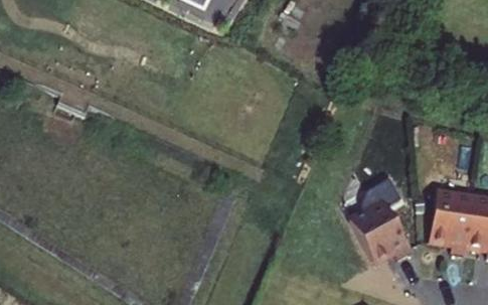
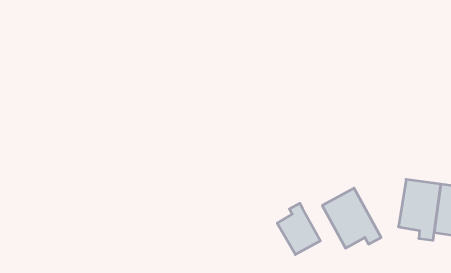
building: none -> [277,203,320,255]

